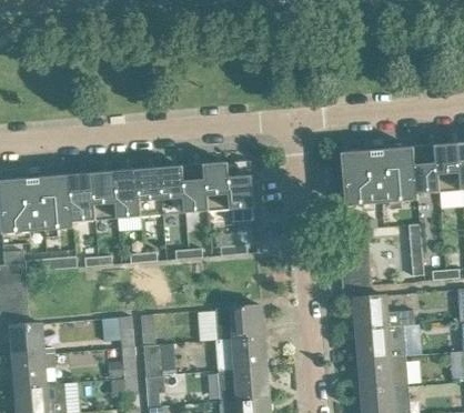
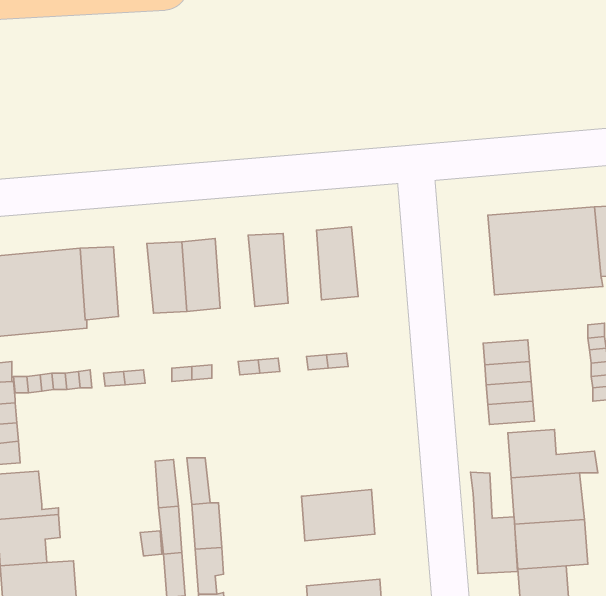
building: [204,162,230,211] -> none
building: [159,165,185,214] -> none
building: [91,171,118,220] -> none
building: [214,305,263,340] -> none
building: none -> [471,472,517,574]
building: [218,365,269,400] -> none

